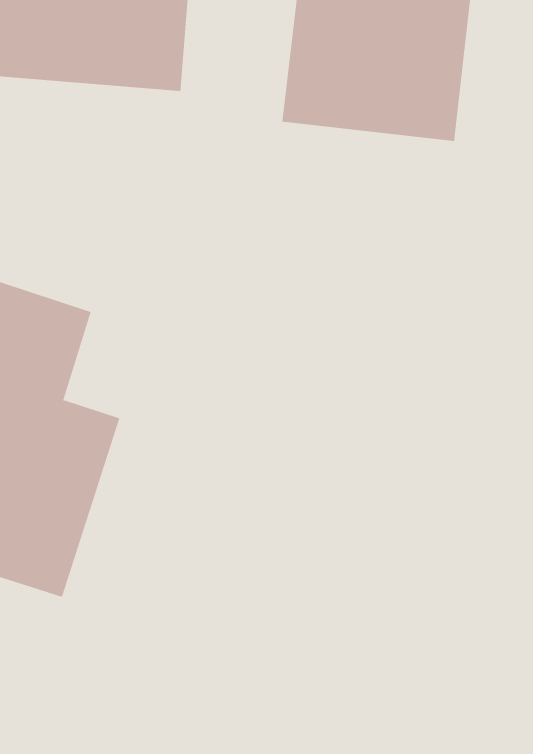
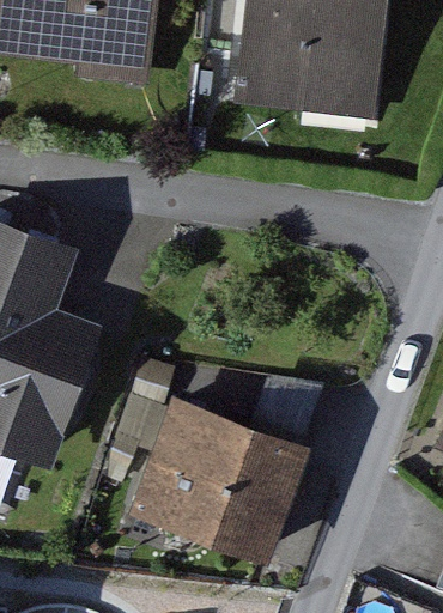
building: none -> [129,397,316,565]

